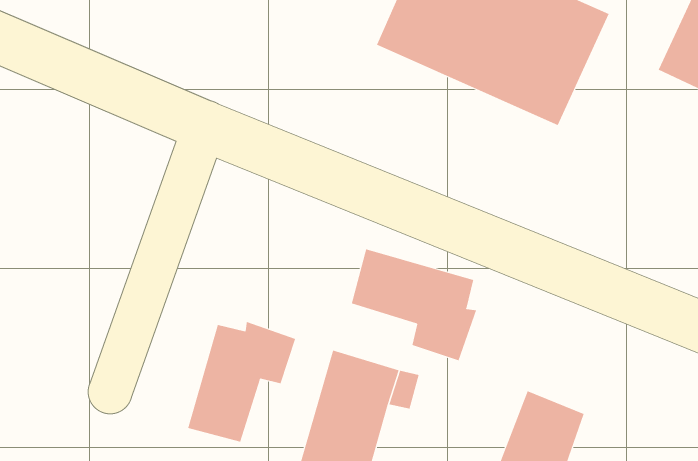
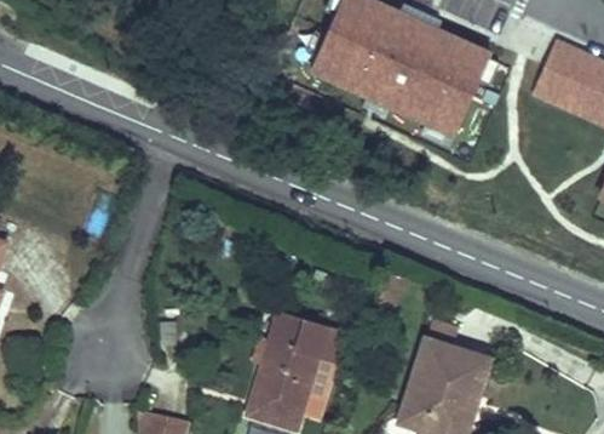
building: [351,248,477,361] -> none
building: [187,321,296,442] -> none

